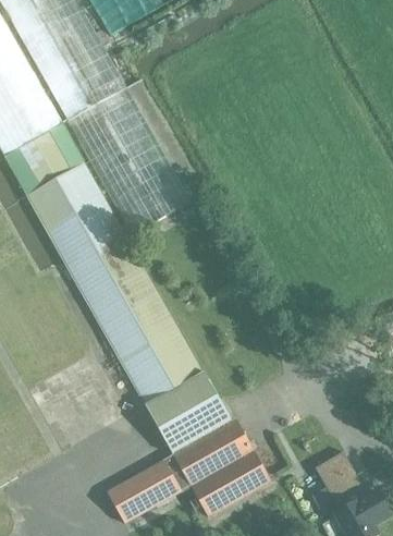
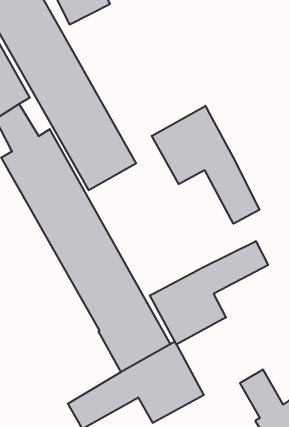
building: none -> [152,106,260,224]
building: none -> [150,241,268,344]

